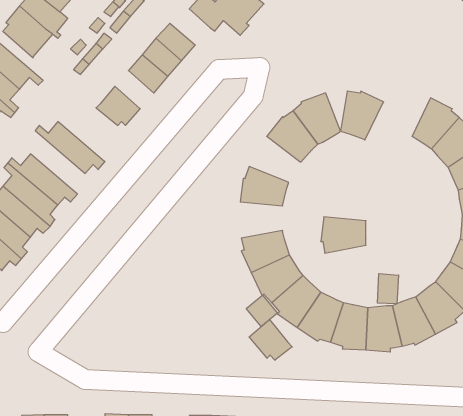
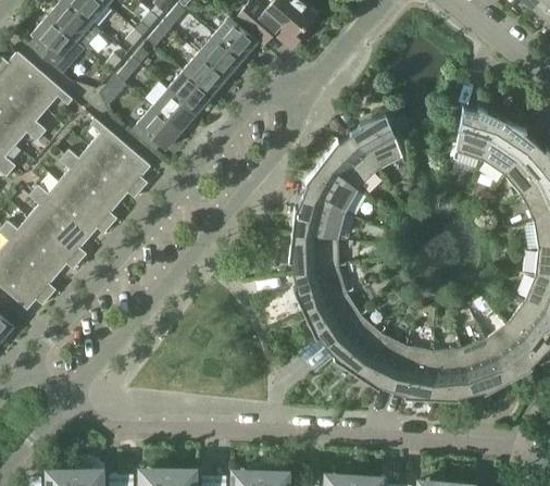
building: none -> [214,15,259,59]
building: none -> [153,87,197,129]
building: [340,91,384,140] -> [455,105,503,160]
building: none -> [90,117,151,188]
building: none -> [60,153,121,224]
building: none -> [302,160,359,211]
building: [321,217,366,253] -> [289,233,339,273]
building: [378,274,399,304] -> none
building: [249,319,292,360] -> none

